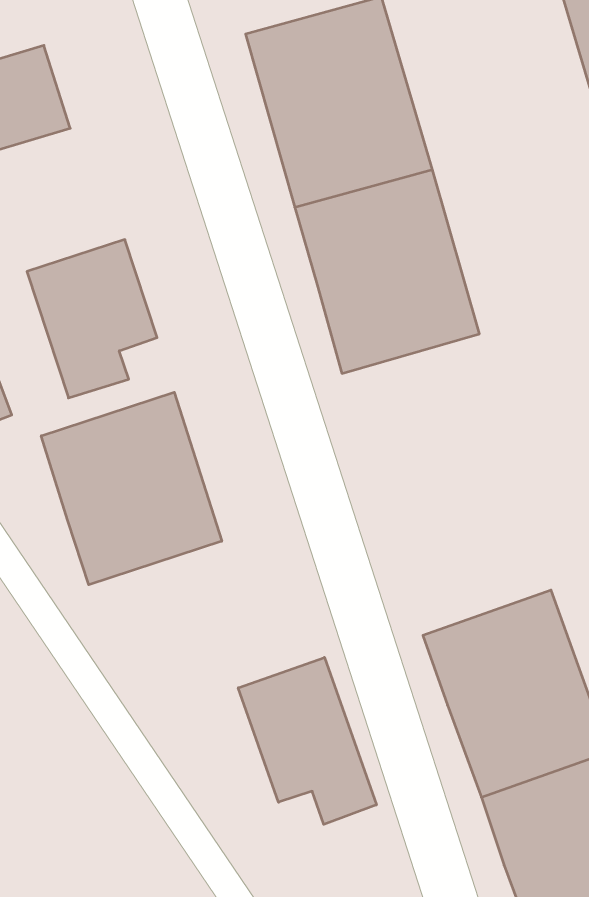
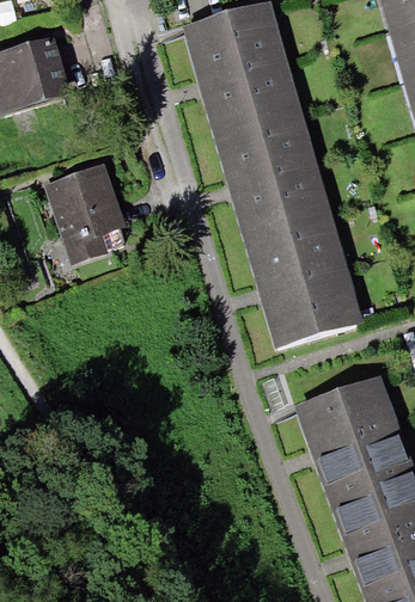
building: none -> [244,220,359,343]
building: [41,392,222,585] -> none
building: [238,657,376,824] -> none

